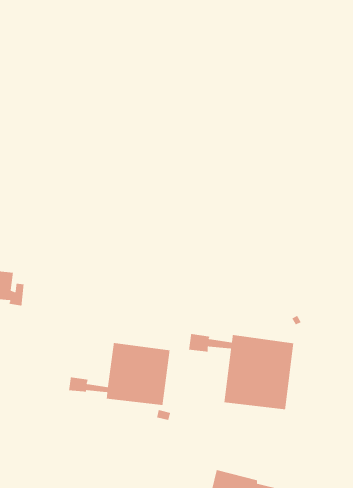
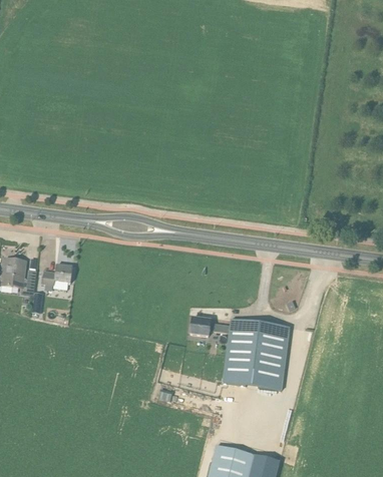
building: none -> [42,264,72,289]
building: [68,342,170,406] -> none

